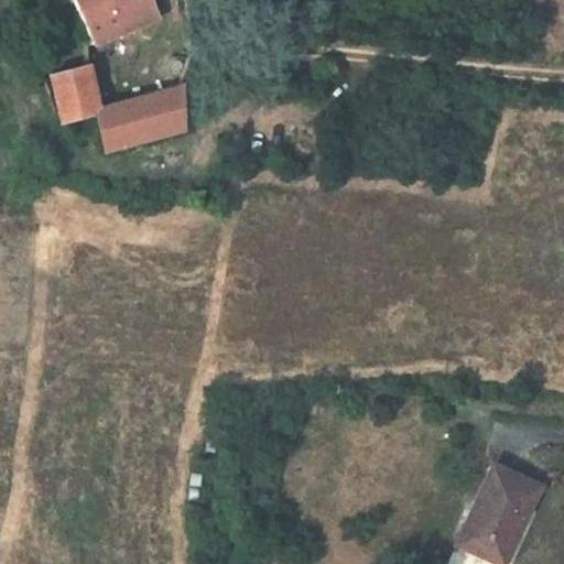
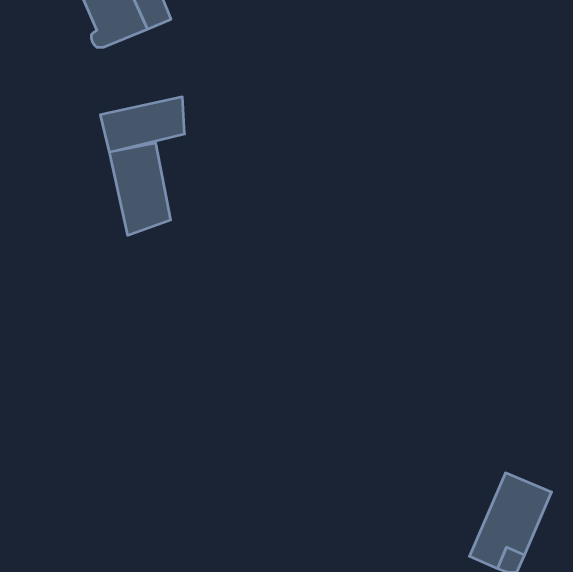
building: [54,64,98,120] -> none
building: none -> [109,143,171,235]

